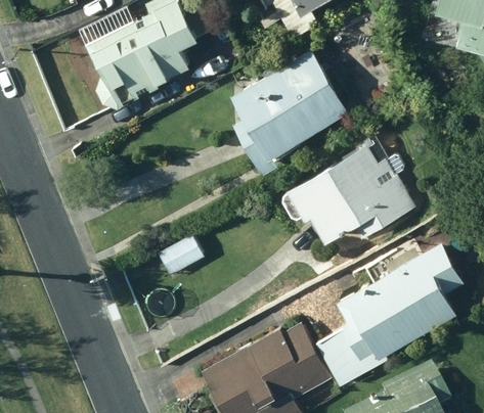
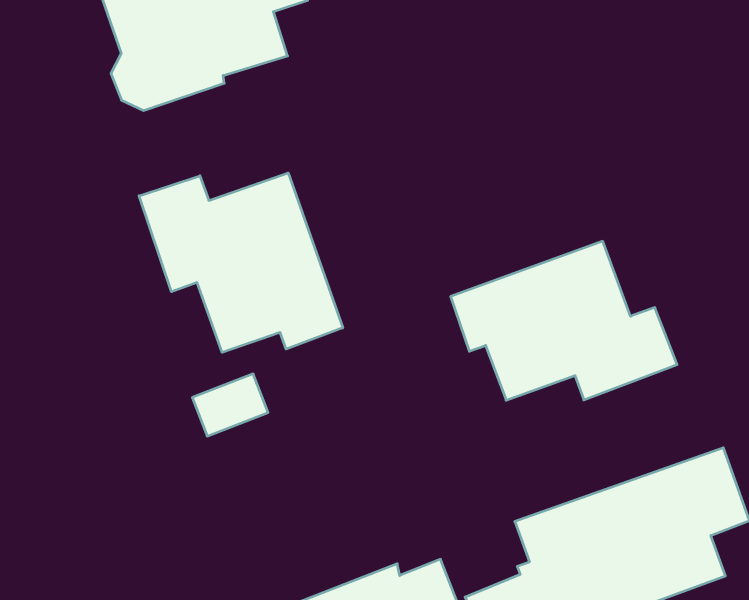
building: [231,51,342,169] -> none
building: none -> [139,173,343,352]

